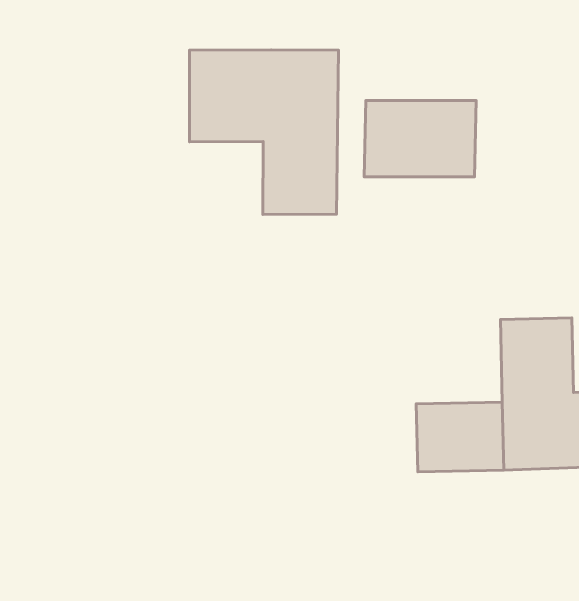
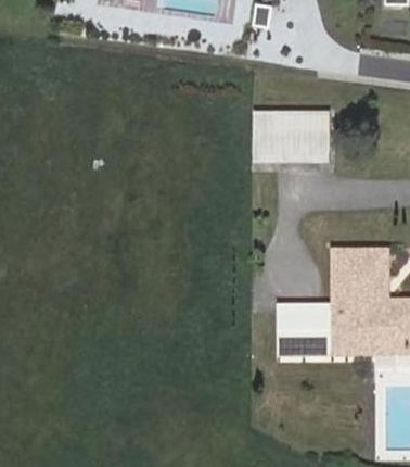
building: [189,50,339,214] -> none

